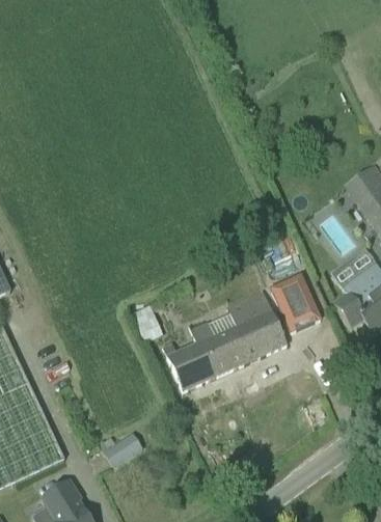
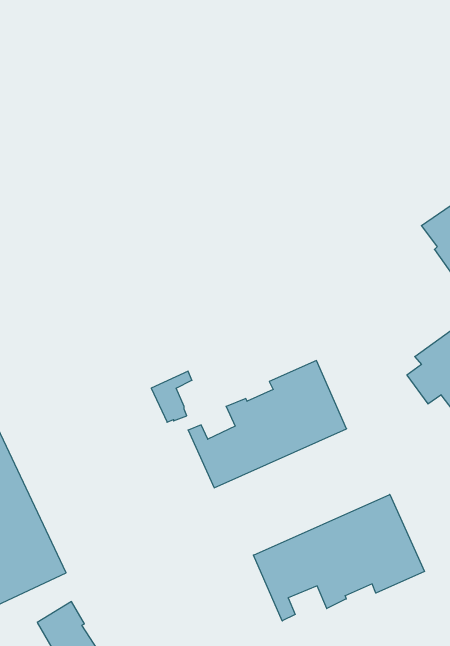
building: [269,273,321,332] -> none
building: none -> [253,494,424,621]
building: [104,432,142,466] -> none

